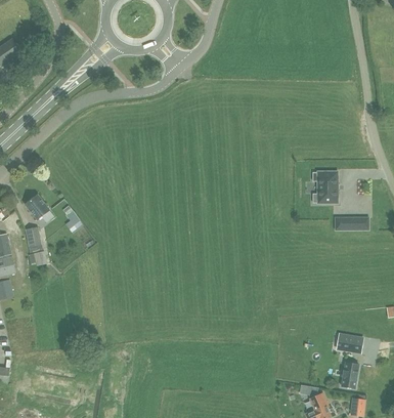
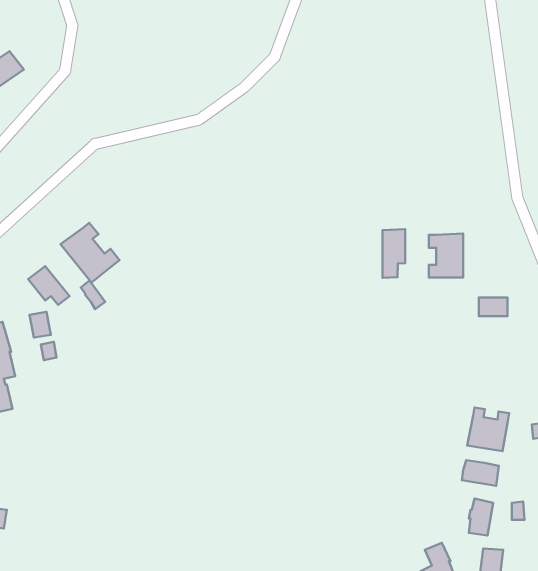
building: none -> [60,223,119,283]
building: none -> [382,229,405,278]
building: none -> [467,407,509,451]

